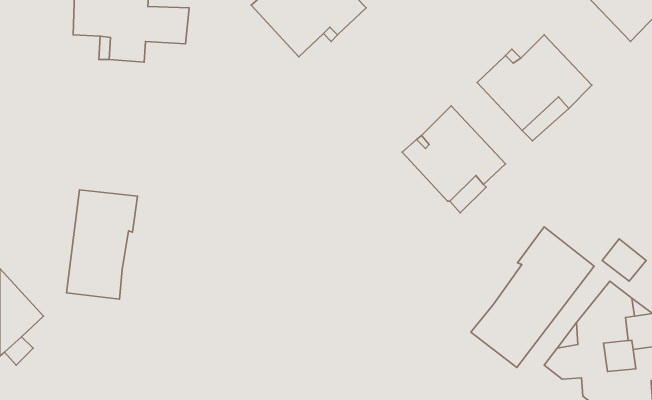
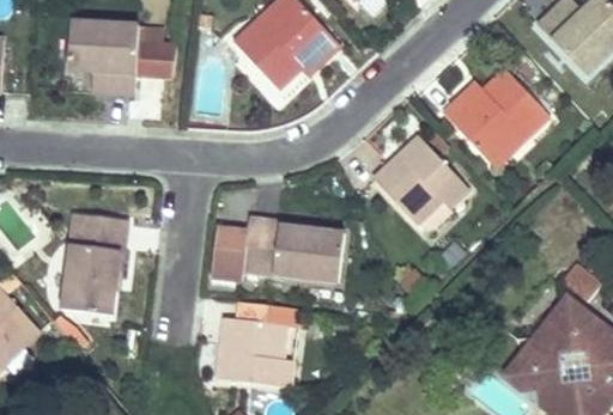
building: none -> [211,216,345,281]
building: [471,227,594,368] -> none
building: none -> [218,316,293,386]

